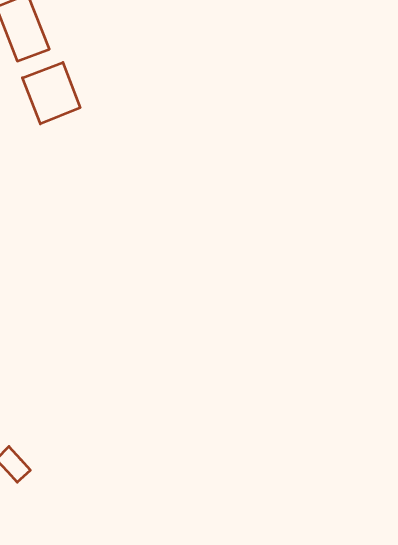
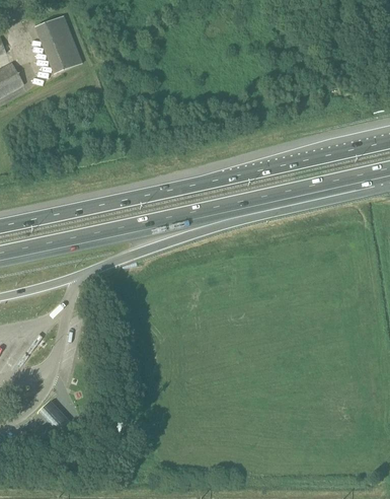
building: [22,62,80,124] -> none

